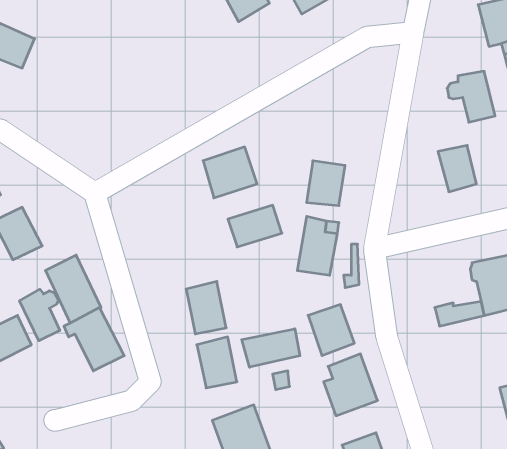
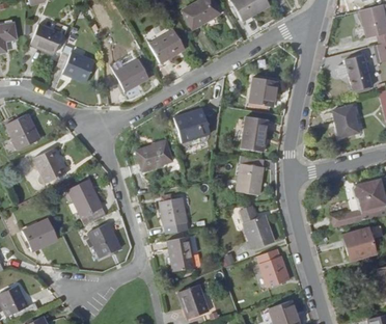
building: none -> [147,30,184,62]
building: none -> [56,51,94,81]
building: none -> [115,58,149,90]
building: none -> [249,69,273,103]
building: [228,205,282,247] -> [136,141,172,169]
building: [20,289,60,341] -> none
building: [242,329,300,367] -> none
building: none -> [341,230,373,261]

